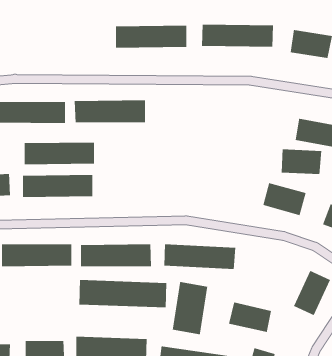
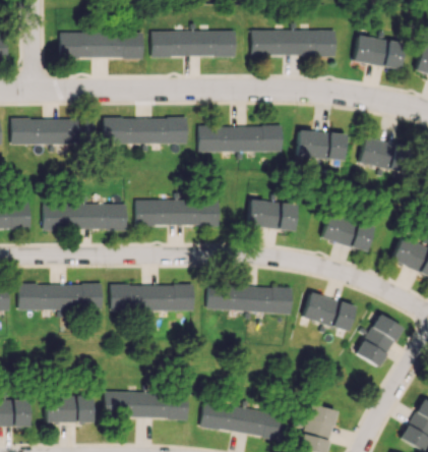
building: none -> [60,33,143,58]
building: none -> [198,126,282,153]
building: [24,142,95,165] -> [136,200,219,226]
building: [281,149,322,174] -> [298,130,346,160]
building: none -> [248,200,297,231]
building: [79,279,167,308] -> none
building: [172,281,208,335] -> none
building: [228,302,272,333] -> [303,294,354,330]

